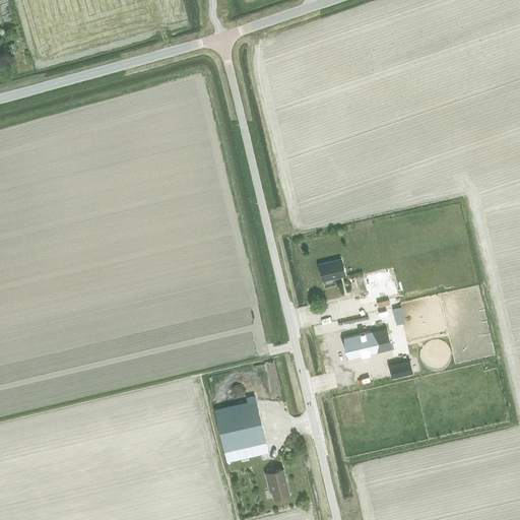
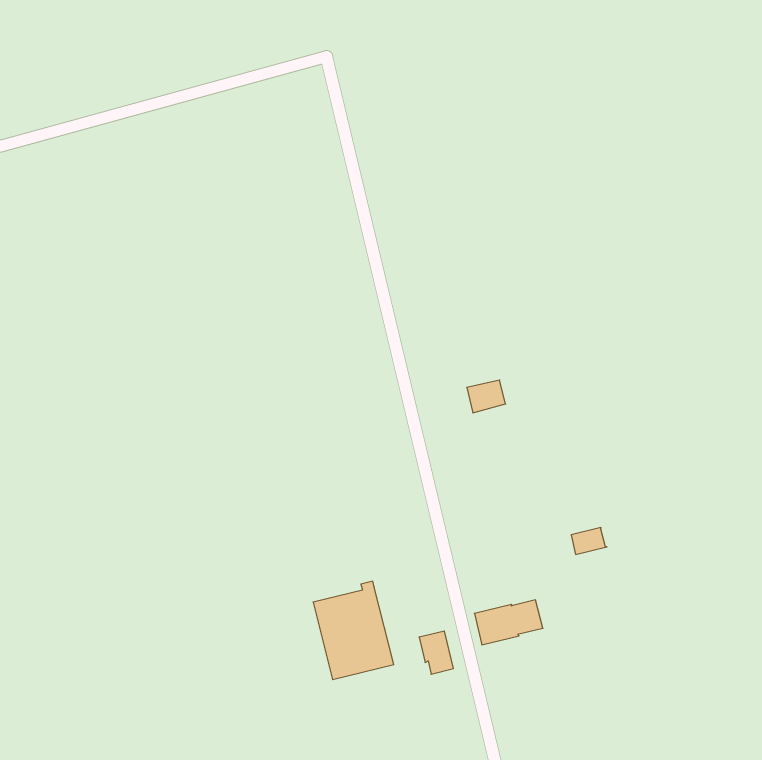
building: [344,329,391,360] -> [474,600,543,645]
building: [265,470,288,500] -> [419,631,453,674]

